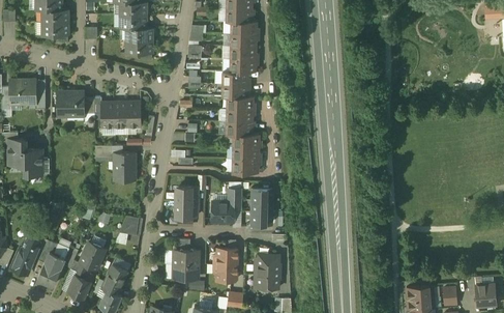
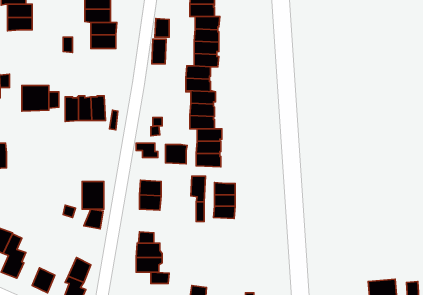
building: [114,152,136,180] -> [82,181,104,209]
building: [212,202,234,222] -> [165,144,187,164]
building: [76,244,105,282] -> none
building: [213,248,238,283] -> none
building: [255,256,279,291] -> none

